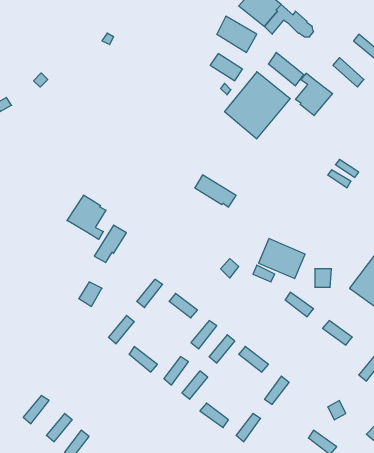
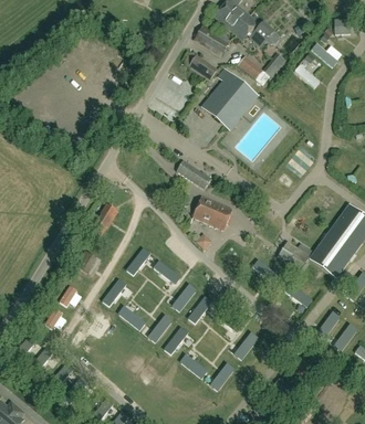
building: [296,73,333,116] -> none
building: [67,195,106,239] -> none
building: [259,239,305,279] -> [192,197,232,231]

